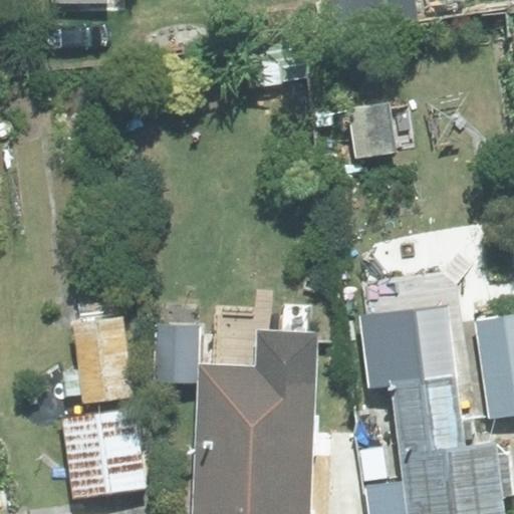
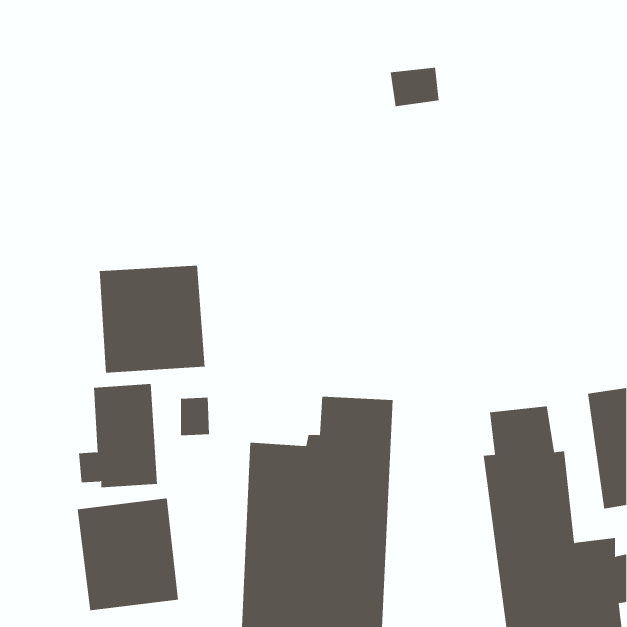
building: none -> [99,265,205,373]

